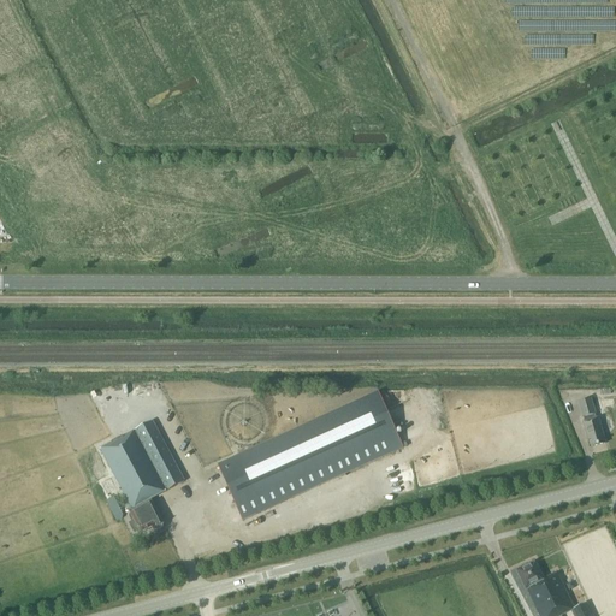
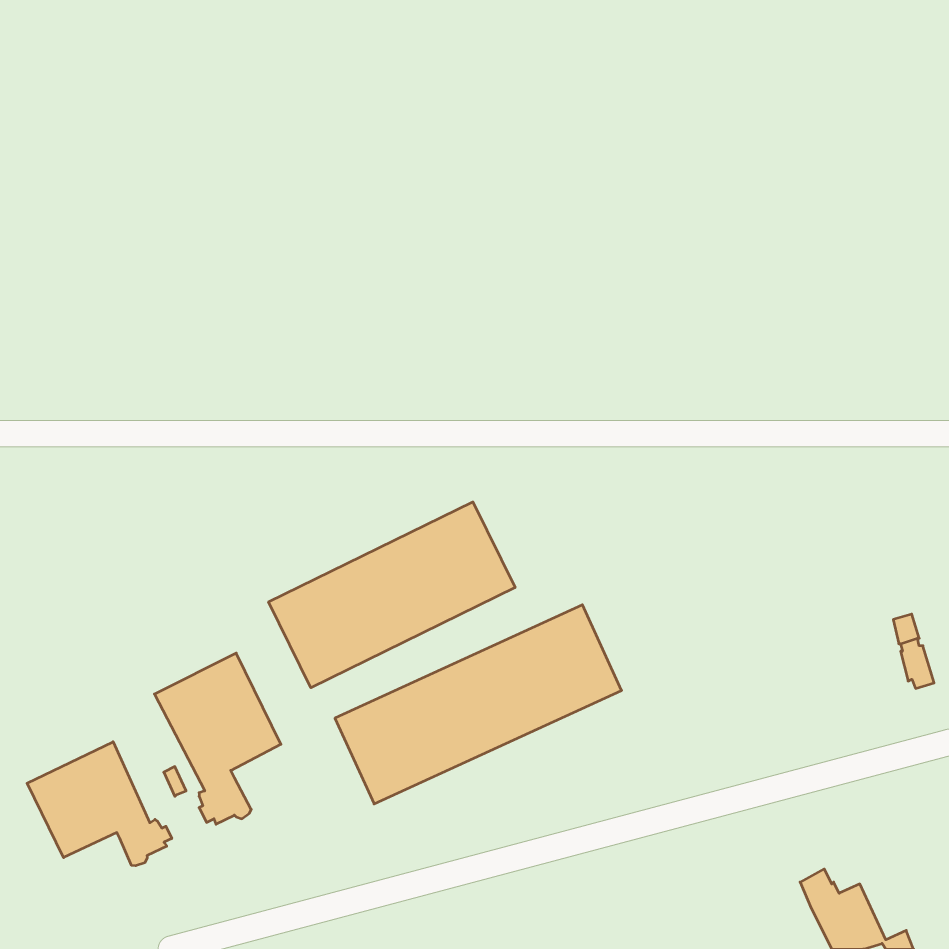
building: none -> [269,502,515,688]
building: none -> [27,742,172,866]

